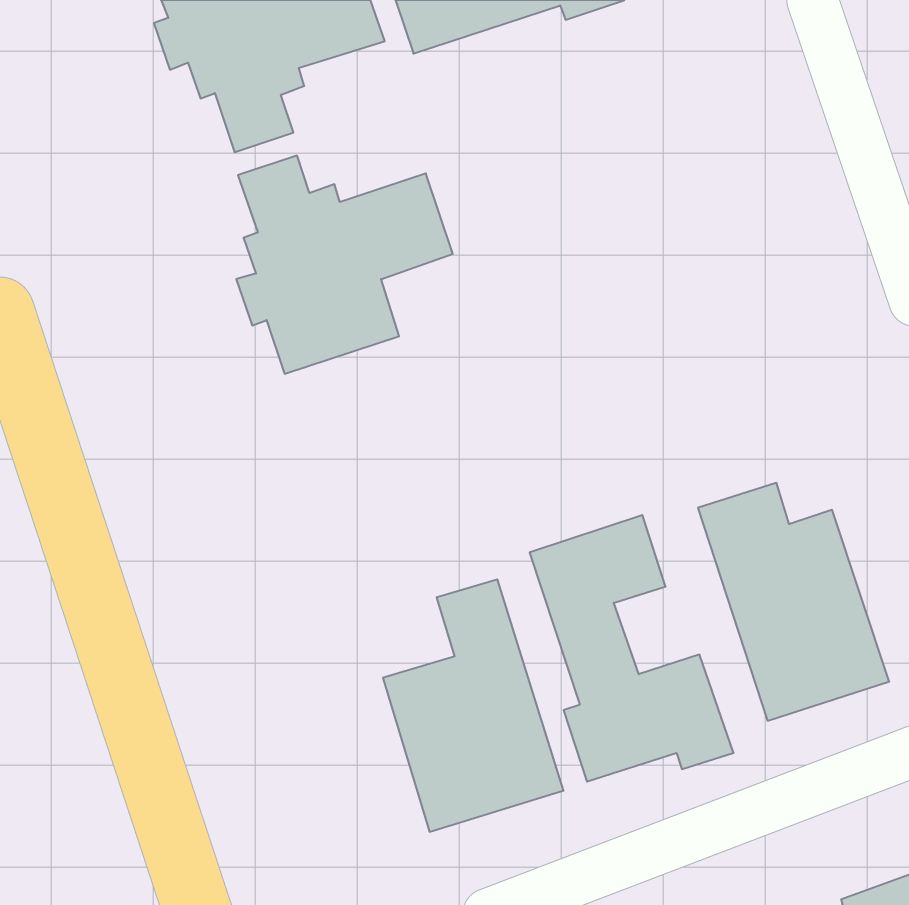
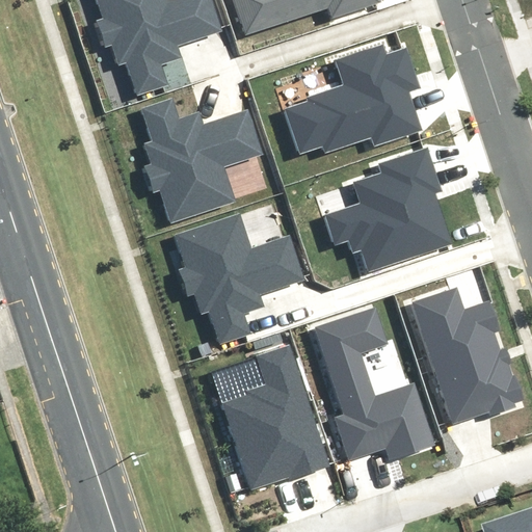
building: none -> [286,43,424,152]
building: none -> [322,150,453,275]
building: none -> [172,213,309,344]

